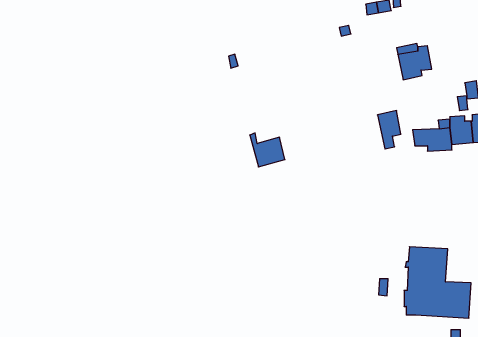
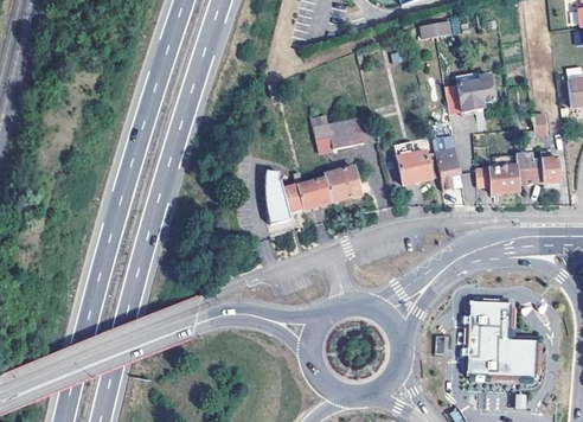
building: none -> [309,114,364,151]
building: none -> [393,139,430,184]
building: none -> [325,166,361,202]
building: none -> [265,175,302,225]

